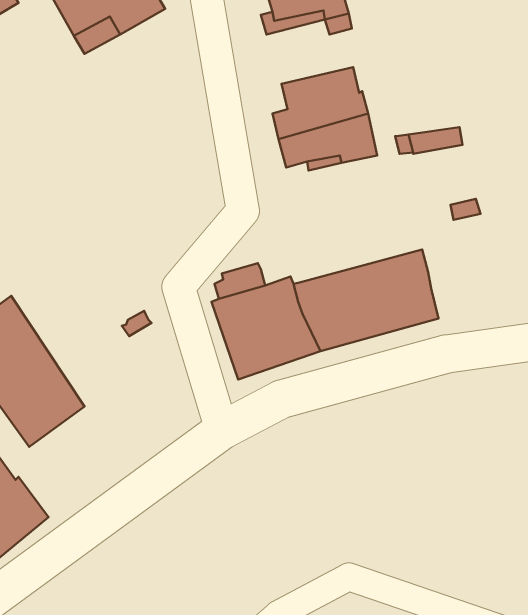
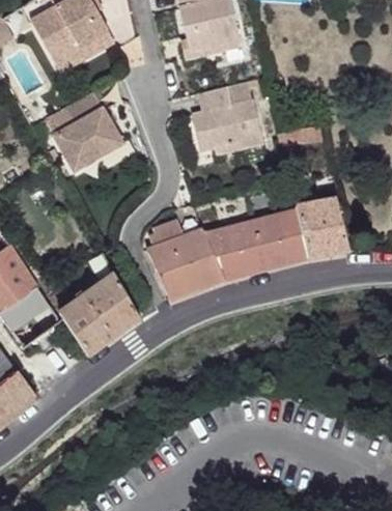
building: none -> [46,92,122,170]
building: none -> [293,198,346,257]
building: none -> [59,272,138,354]

